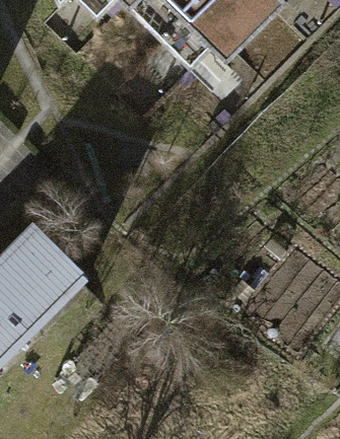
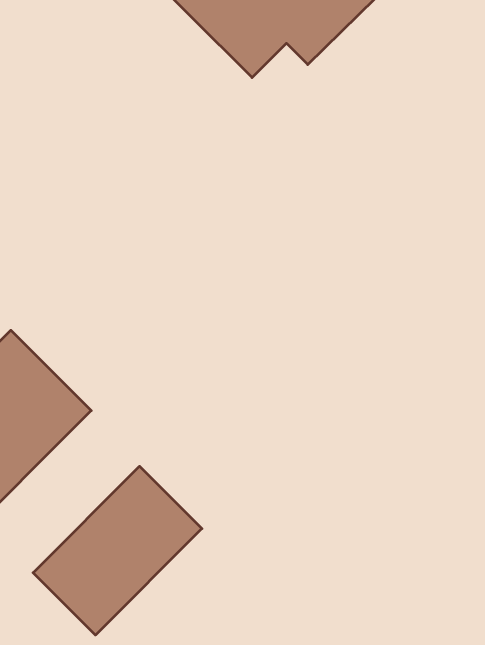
building: none -> [33,466,202,635]

